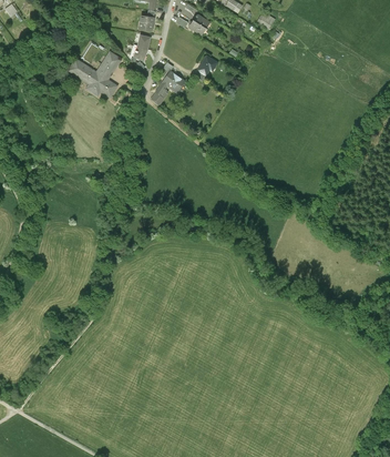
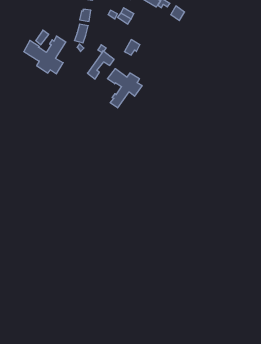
building: none -> [107,69,142,108]

